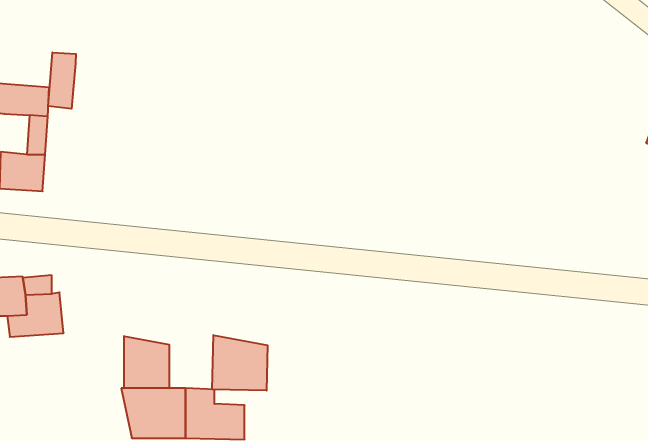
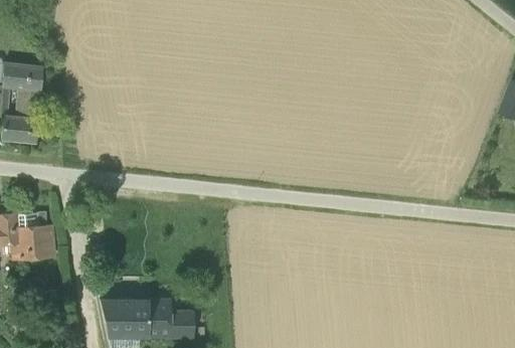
building: [48,52,76,109] -> none
building: [212,335,268,391] -> none
building: [124,336,169,388] -> none

